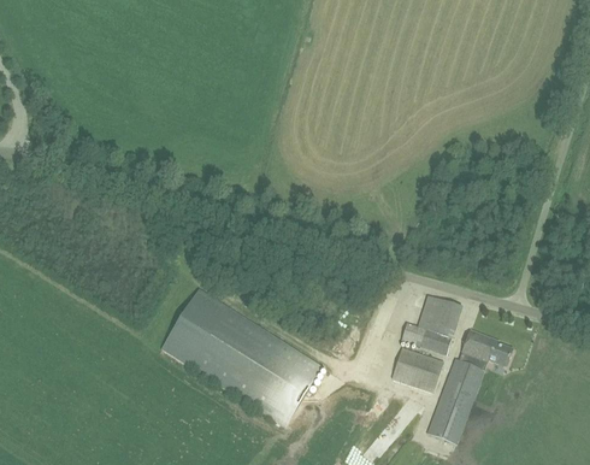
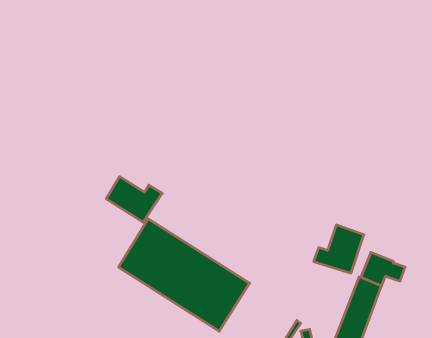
building: none -> [106,177,162,222]
building: [393,346,443,389] -> none

